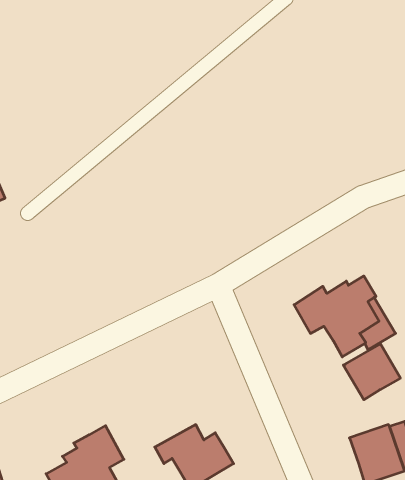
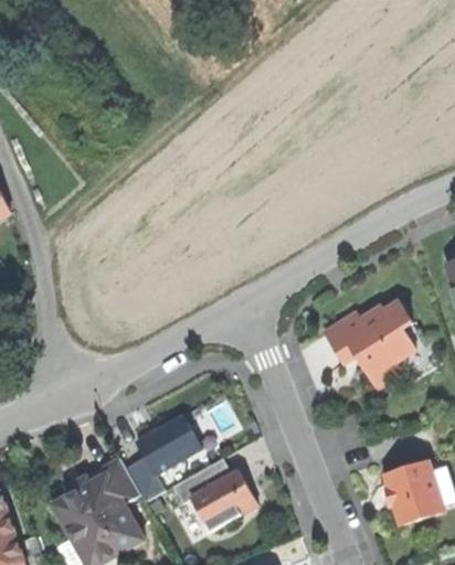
building: [343,344,400,400] -> none
building: none -> [125,415,201,502]

